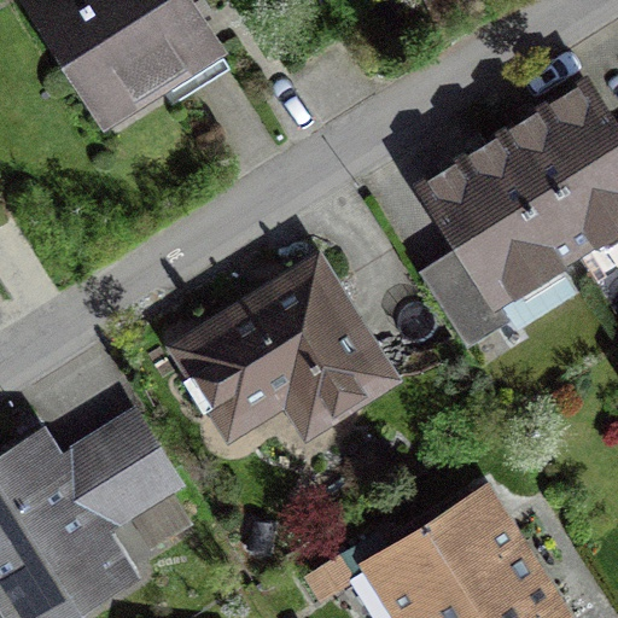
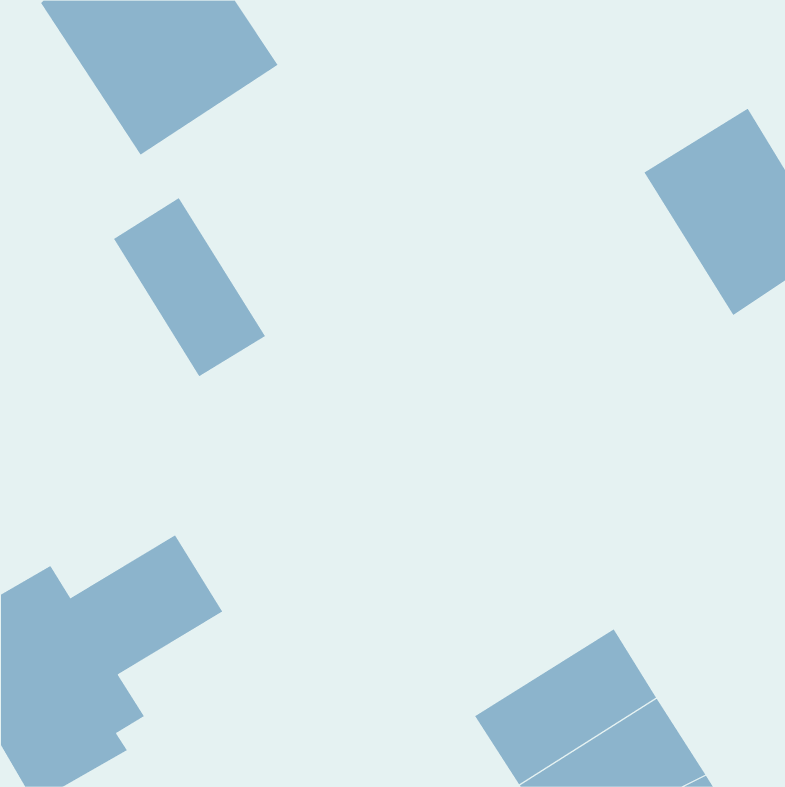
building: [422,135,576,345] -> none
building: none -> [113,197,266,377]
building: [183,266,387,427] -> none

